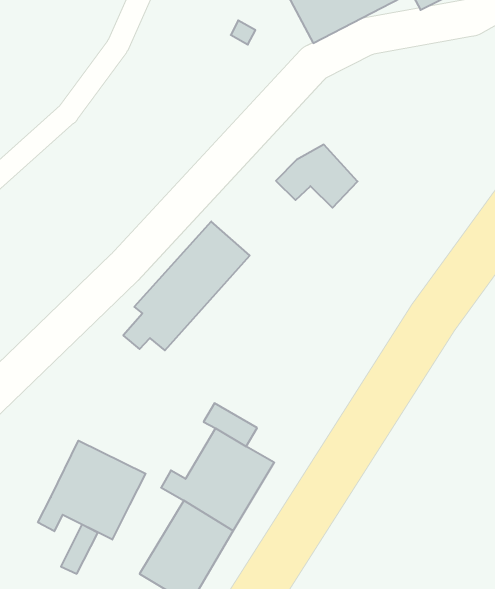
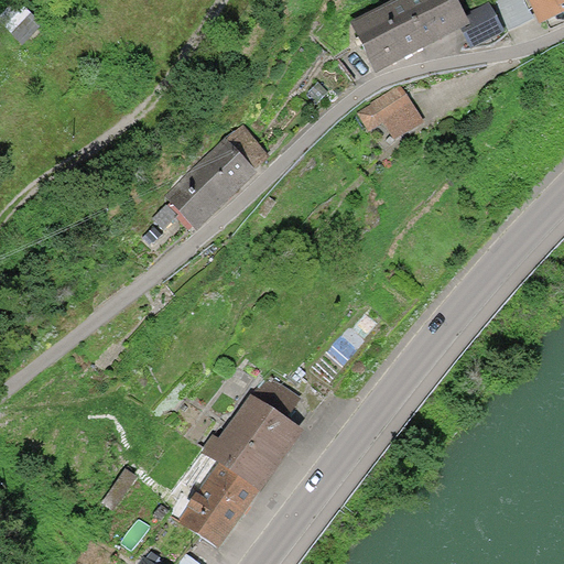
building: [276,145,358,208] -> [359,85,431,141]
building: [123,221,250,350] -> [150,122,268,231]
building: [38,441,146,540] -> none

